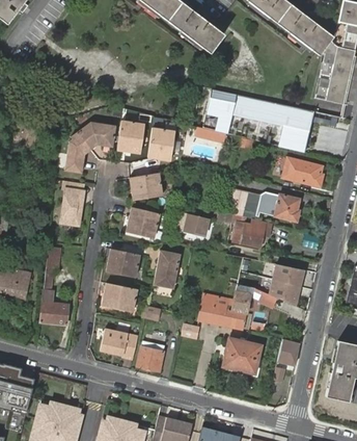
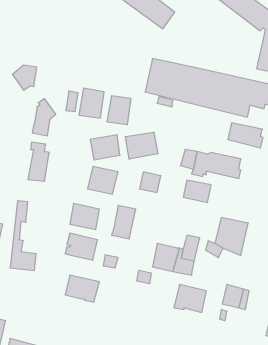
building: [79,121,106,149] -> [12,65,37,90]
building: none -> [125,132,158,159]
building: [138,346,164,370] -> none

